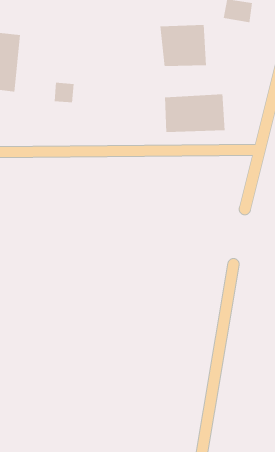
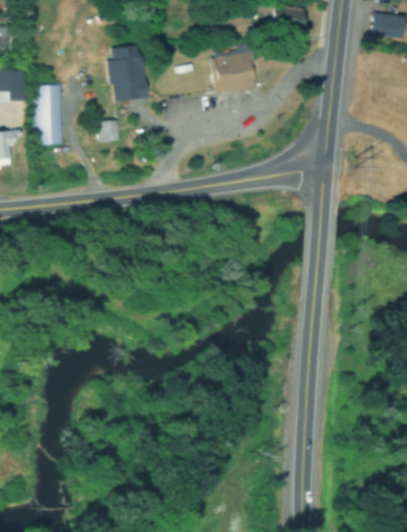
building: none -> [103,38,148,97]
building: [164,94,225,133] -> none

